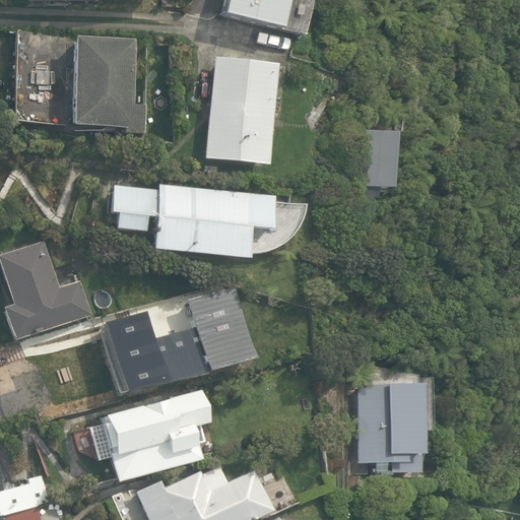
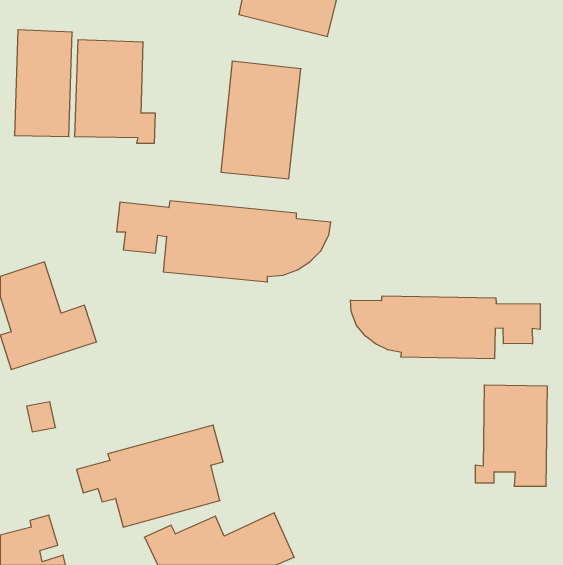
building: [364,128,397,188] -> none
building: none -> [351,296,540,359]
building: [104,285,254,393] -> none
building: [348,384,414,476] -> [475,385,547,486]

